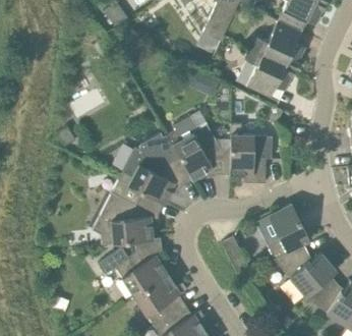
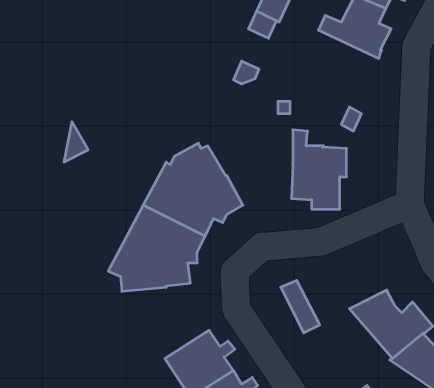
building: [245,47,296,97] -> none
building: [167,115,231,179] -> none
building: [269,204,310,258] -> none
building: [99,237,168,295] -> none

